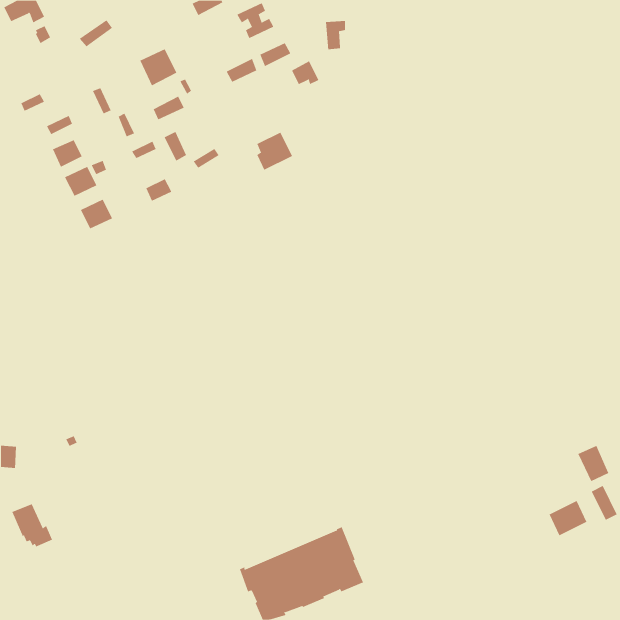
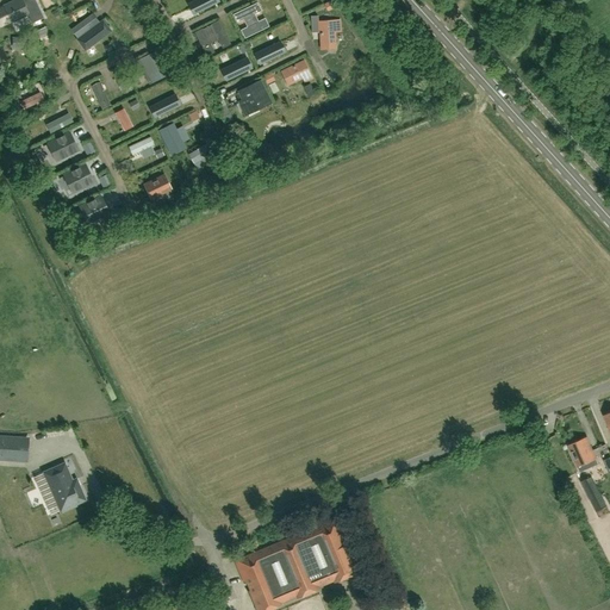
building: none -> [194,20,231,56]
building: [256,132,293,171] -> [237,79,273,117]
building: [549,500,587,536] -> none
building: [11,503,53,547] -> [44,465,85,508]

